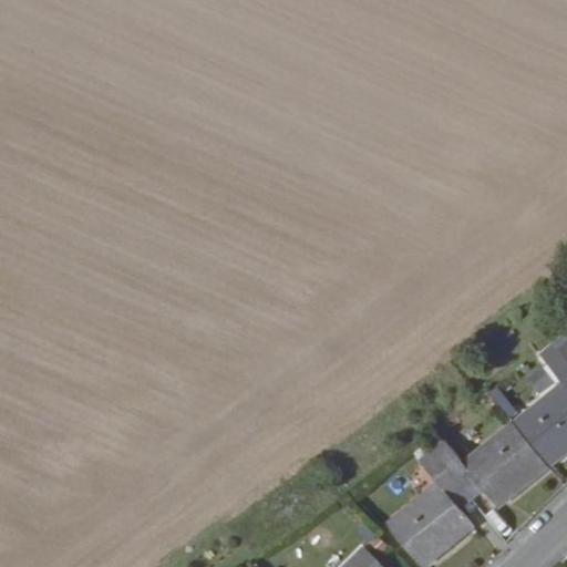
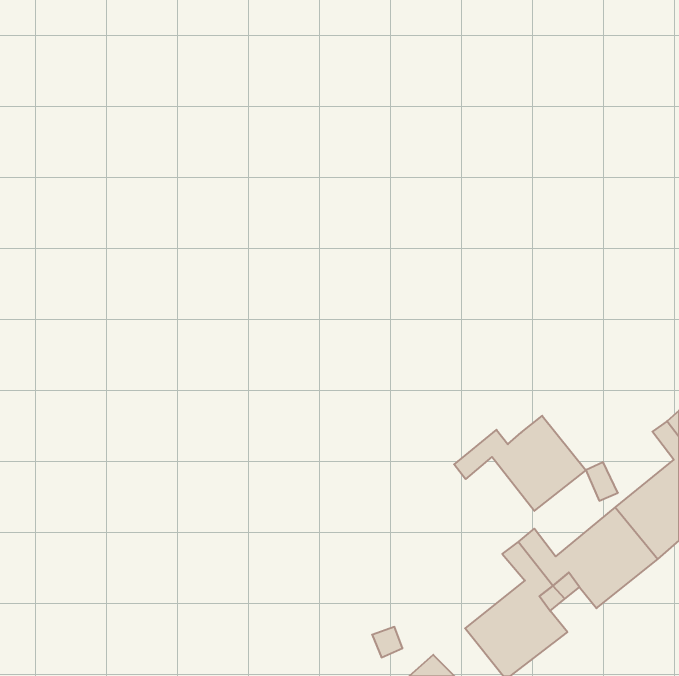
building: none -> [454,416,586,511]

